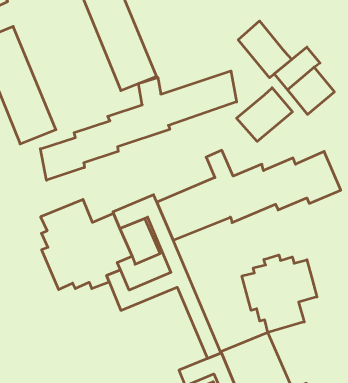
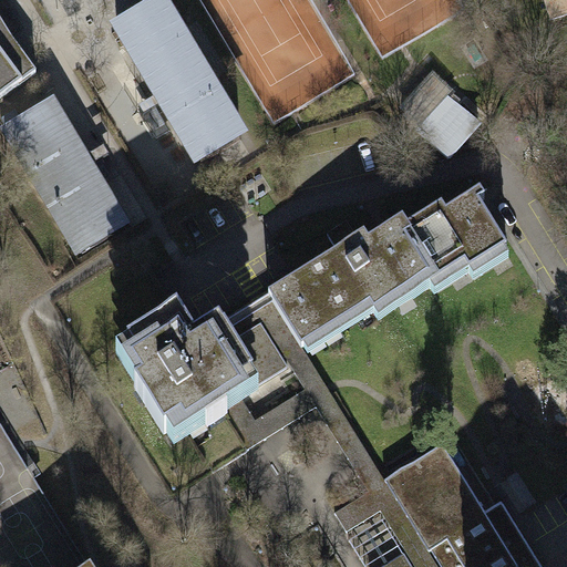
building: [238,21,292,78] -> none
building: [40,71,237,180] -> none
building: [237,88,292,141] -> none
building: [242,255,317,332] -> none

